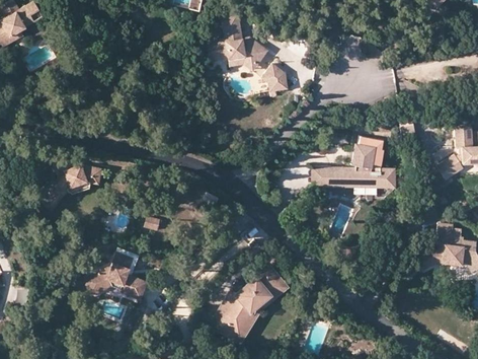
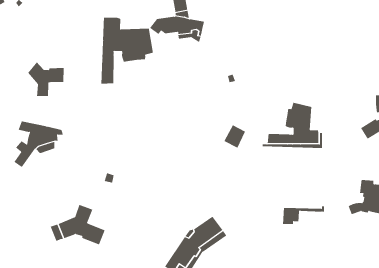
building: none -> [101,17,153,84]
building: [265,65,287,96] -> none
building: none -> [28,62,64,97]
building: [313,165,362,187] -> [282,206,325,224]

